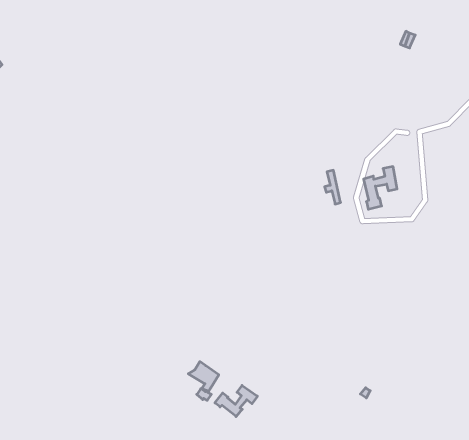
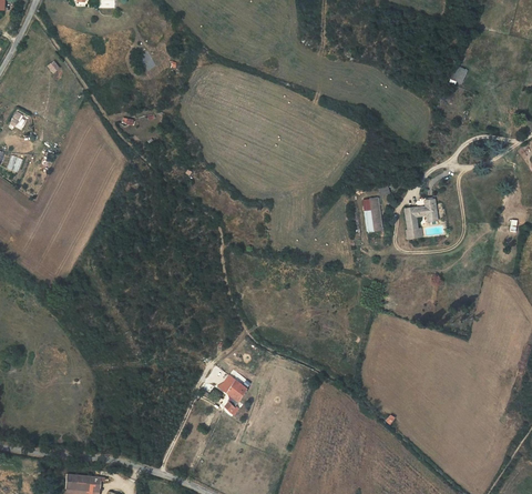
building: [215,385,257,417] -> none

